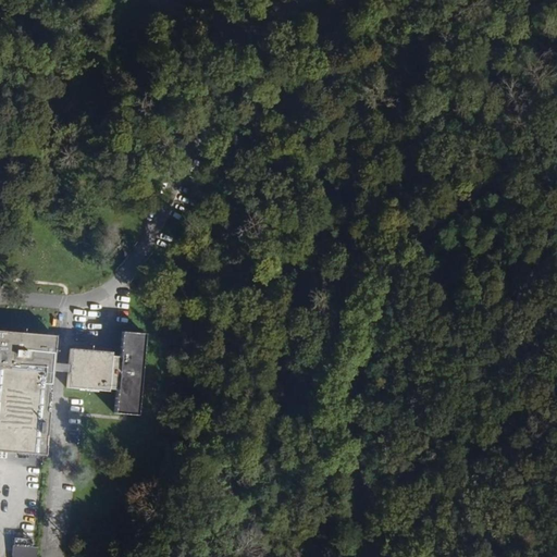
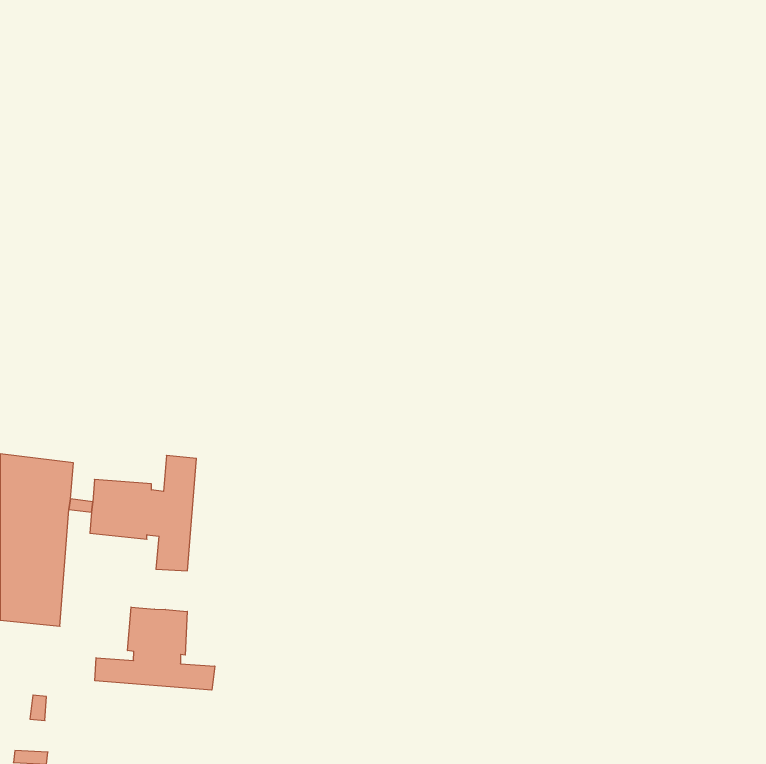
building: none -> [95,607,215,690]

